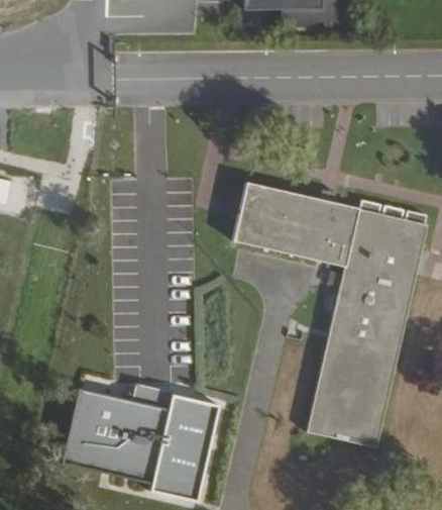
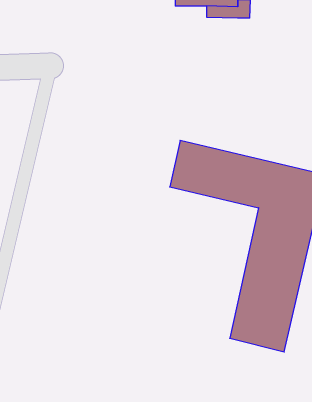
building: [64,390,218,502] -> none

